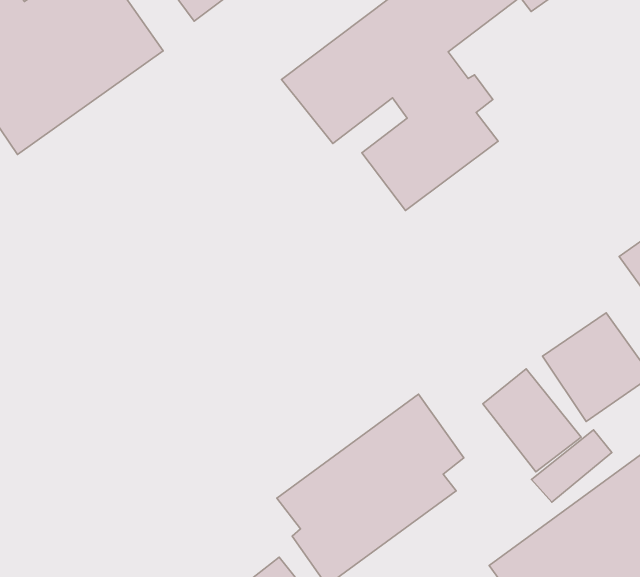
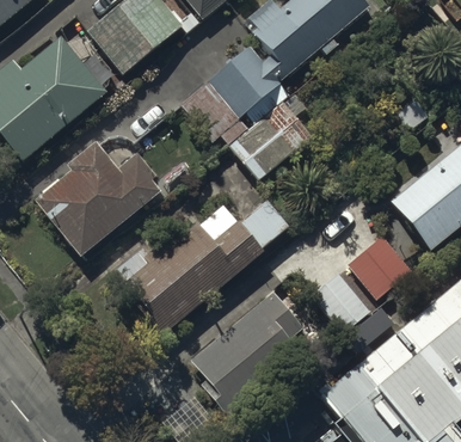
building: none -> [35,141,162,257]
building: none -> [117,198,290,334]

